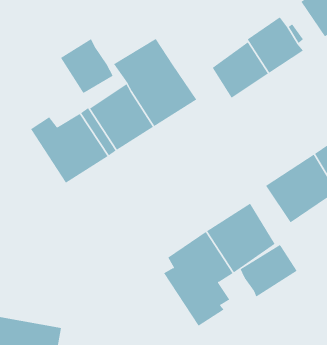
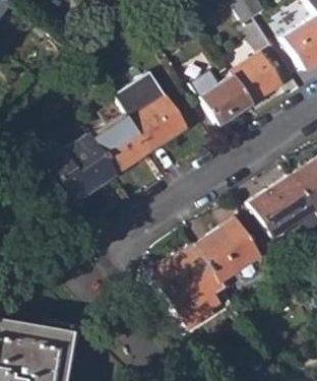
building: [60,38,114,94] -> none
building: [240,244,298,298] -> none

